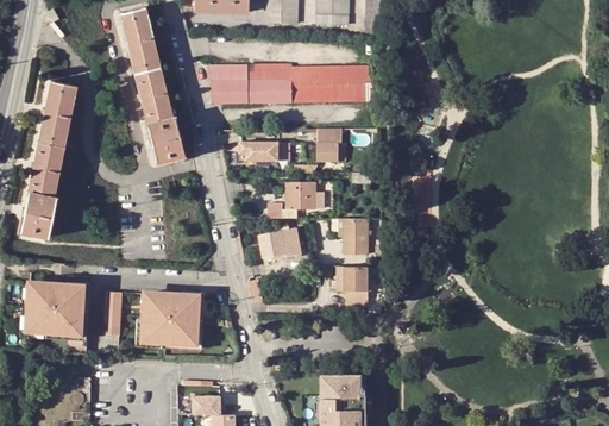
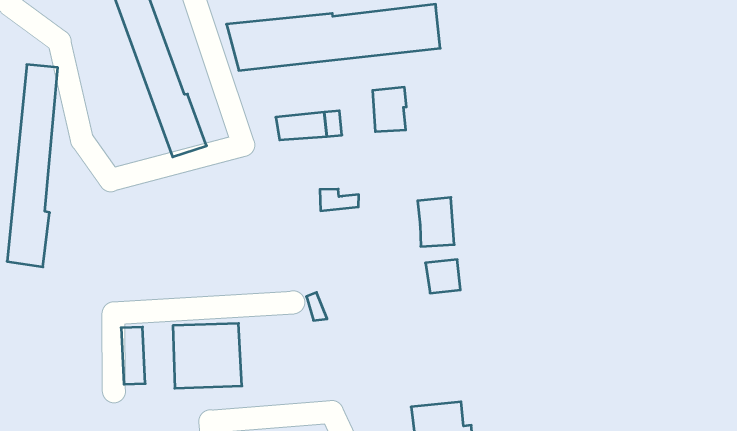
building: [284,181,313,209] -> none
building: [258,228,301,259] -> none
building: [25,286,79,333] -> none

